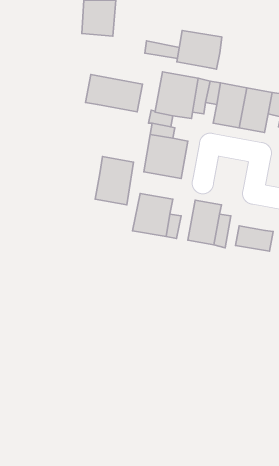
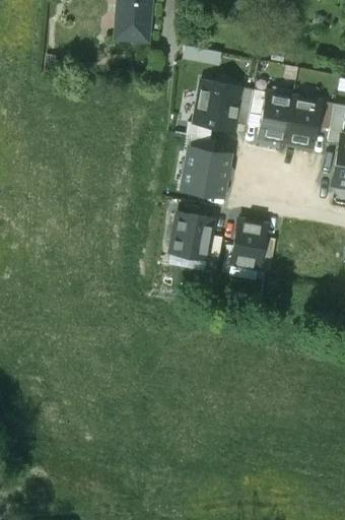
building: [177,31,222,69] -> none
building: [86,75,143,112] -> none
building: [95,157,134,205] -> none
building: [236,226,273,251] -> none

